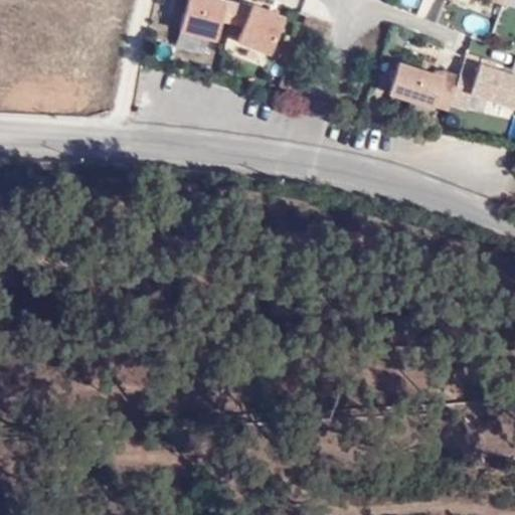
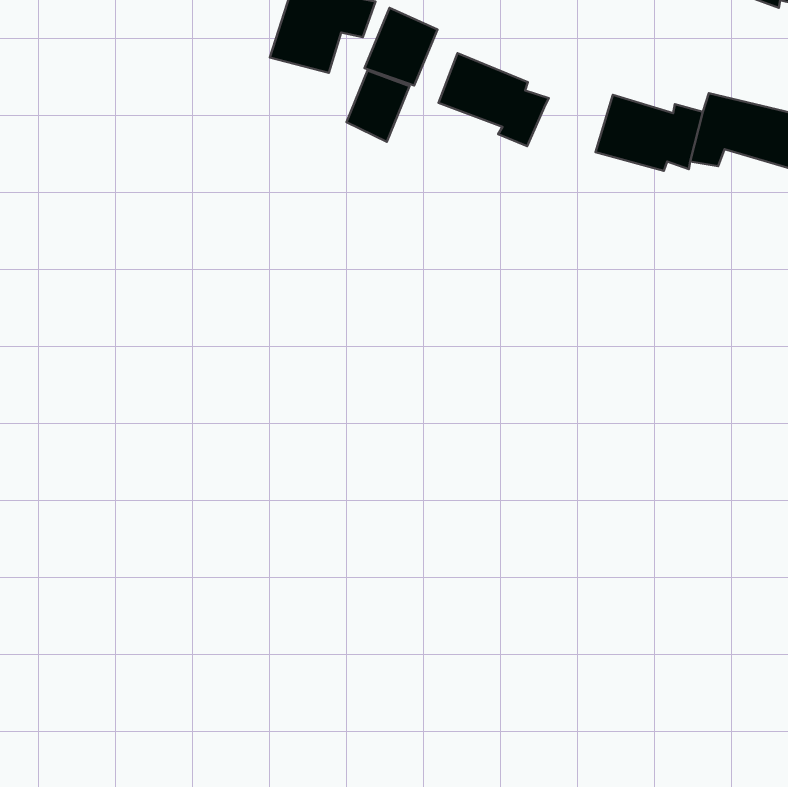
building: none -> [439,53,549,146]
building: none -> [347,71,410,142]

